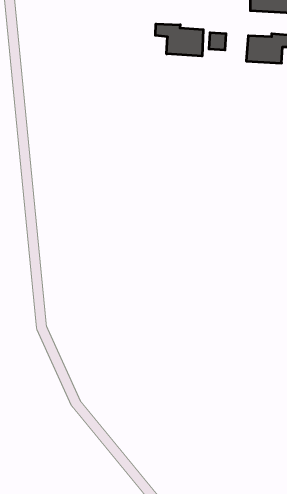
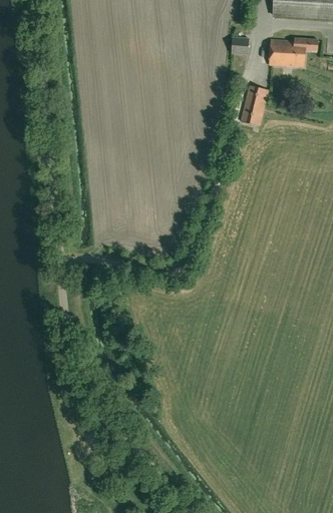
building: [155,24,203,56] -> none
building: none -> [241,84,268,124]

